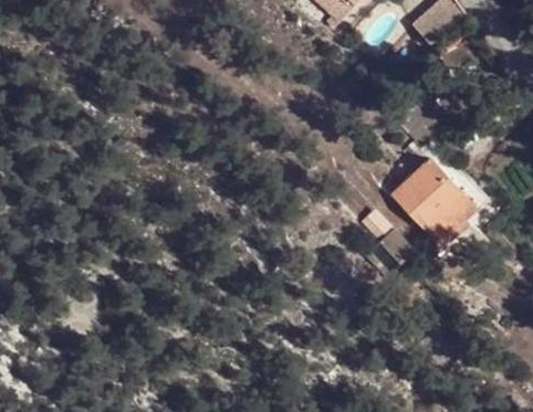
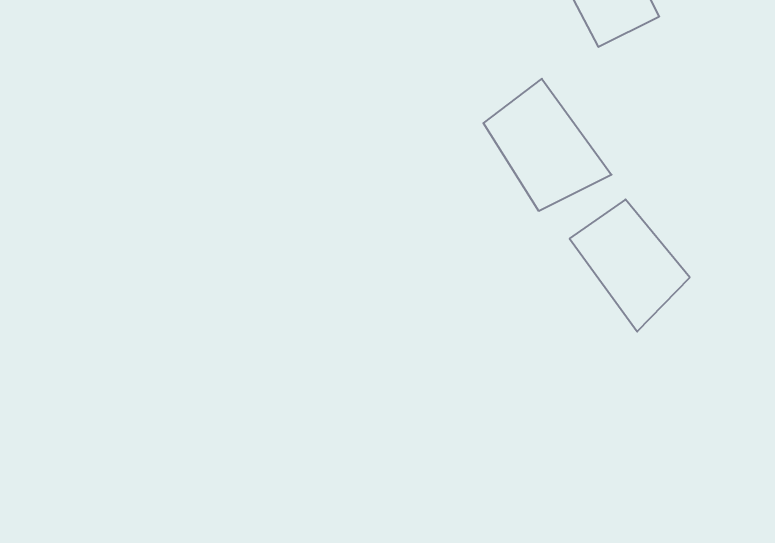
building: none -> [483,79,612,211]

